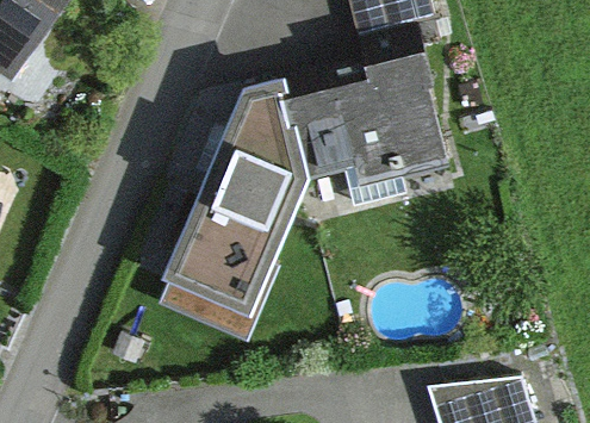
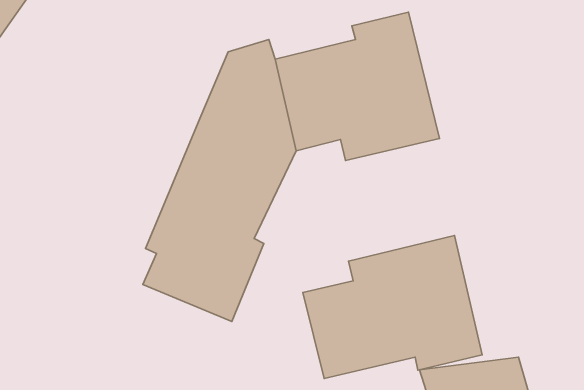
building: none -> [303,235,482,378]

